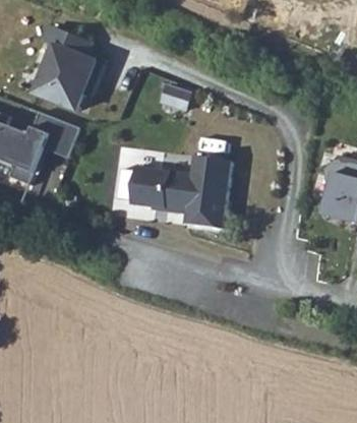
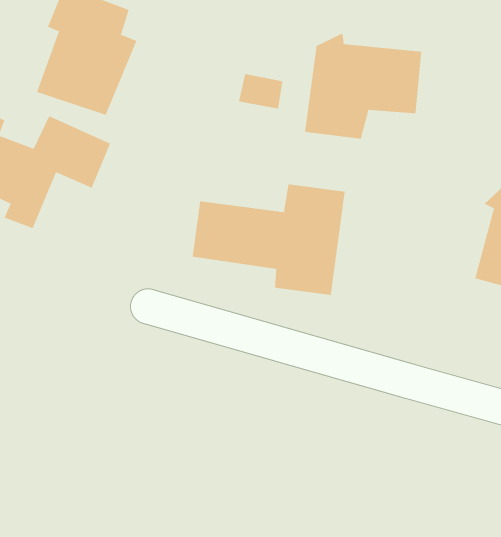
building: none -> [305,32,422,139]

